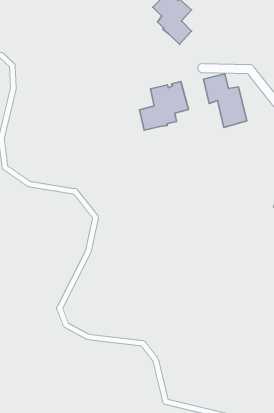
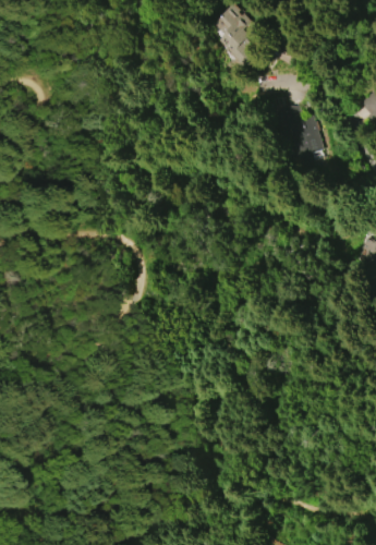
building: [139,81,188,130] -> none

